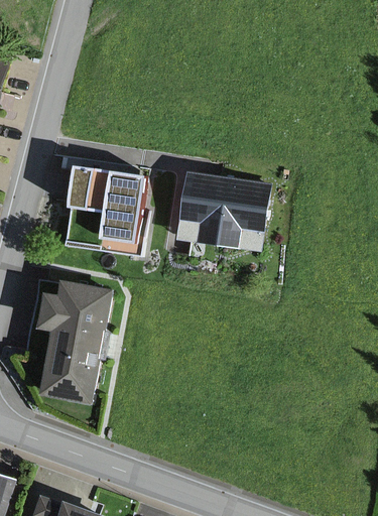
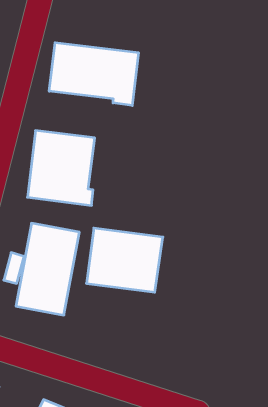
building: none -> [49,43,138,106]
building: [168,174,263,254] -> [86,228,163,292]

